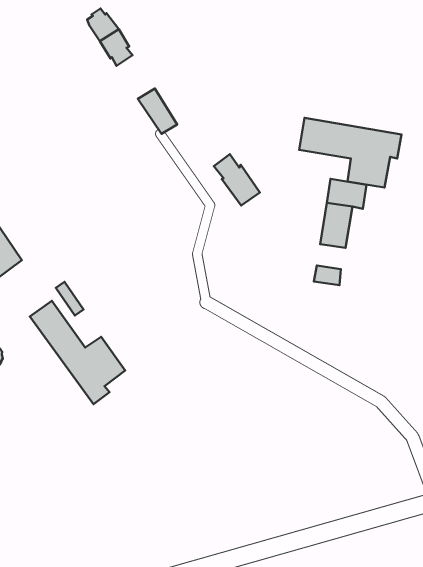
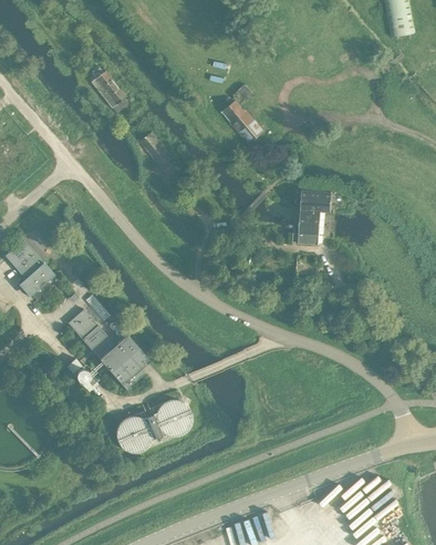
building: [299,118,401,188] -> none
building: [214,154,260,206] -> [224,101,263,142]
building: none -> [116,400,191,452]

